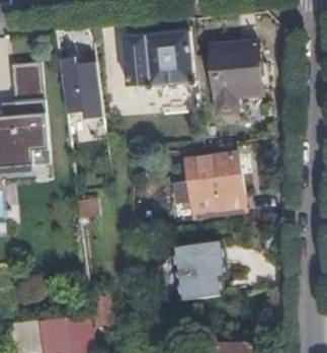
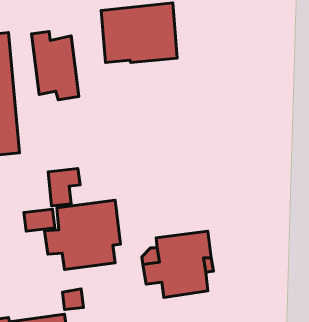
building: [211,40,261,112] -> none
building: [173,153,243,217] -> [45,200,121,270]

